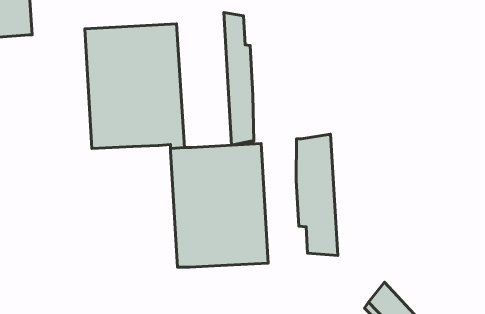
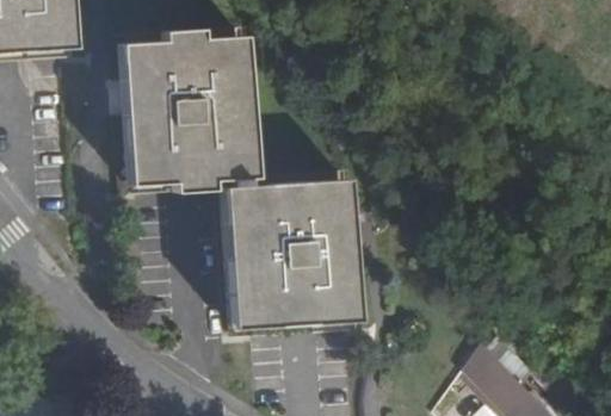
building: [224,12,254,145] -> none
building: [296,134,338,256] -> none

